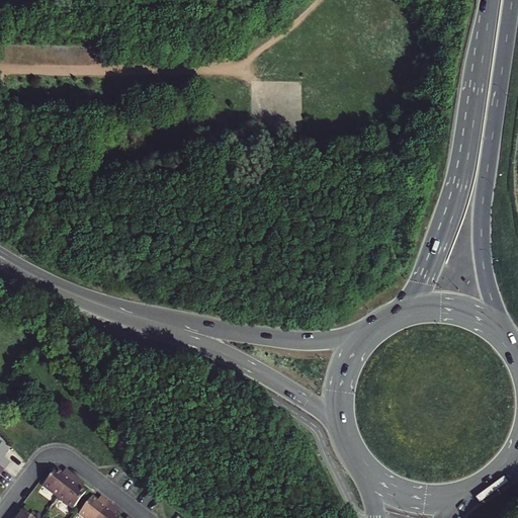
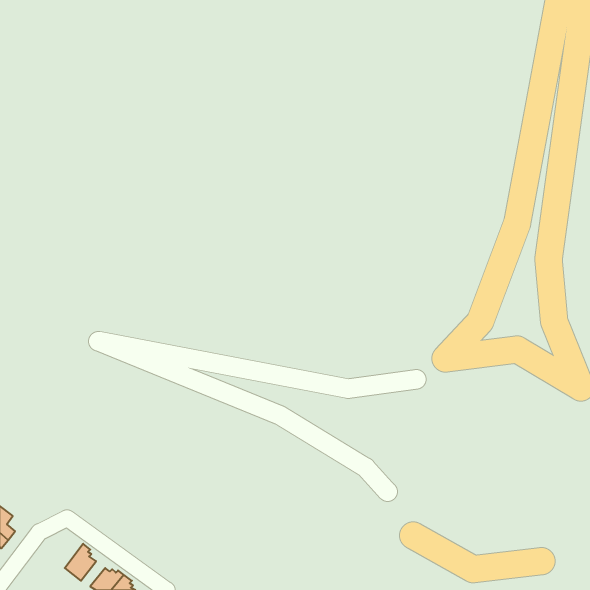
building: [41,468,73,497] -> none

